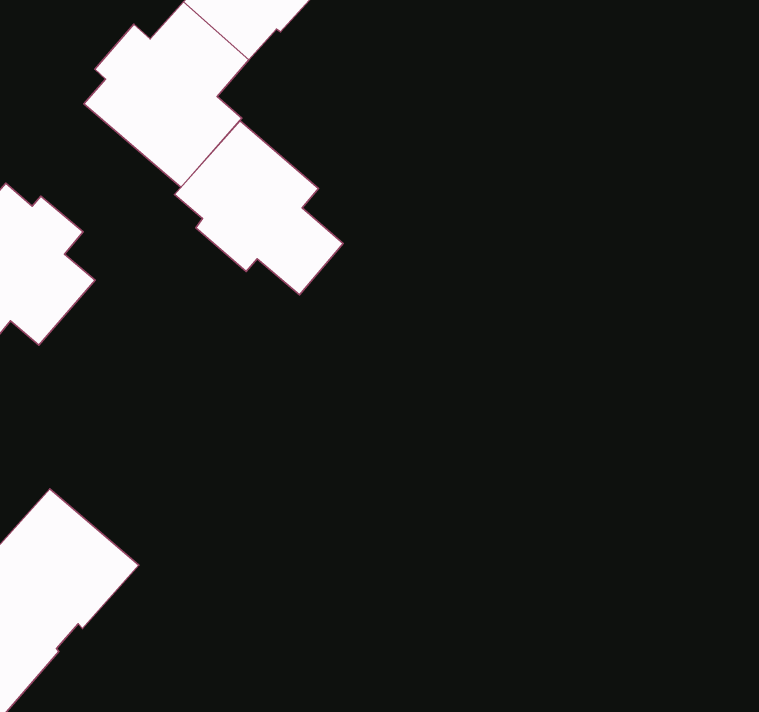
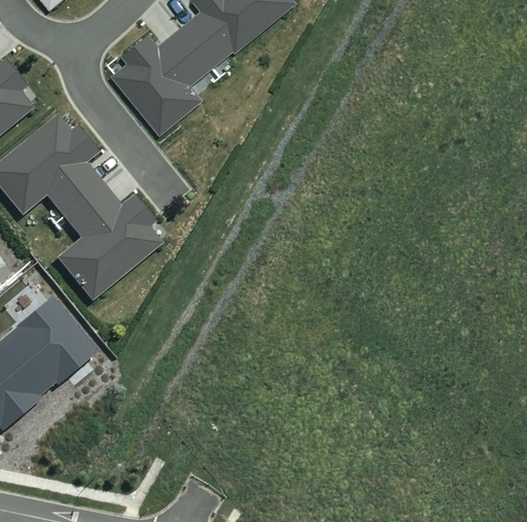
building: [175,121,343,295] -> none
building: none -> [57,179,163,300]

